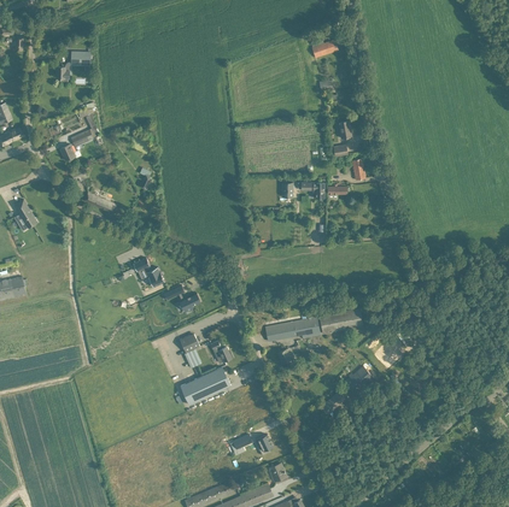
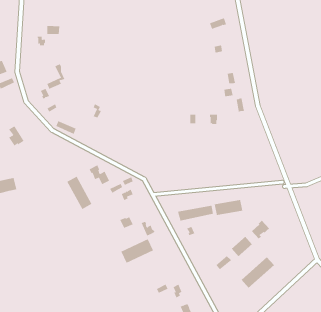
building: none -> [67,176,92,210]
building: none -> [241,257,275,289]

